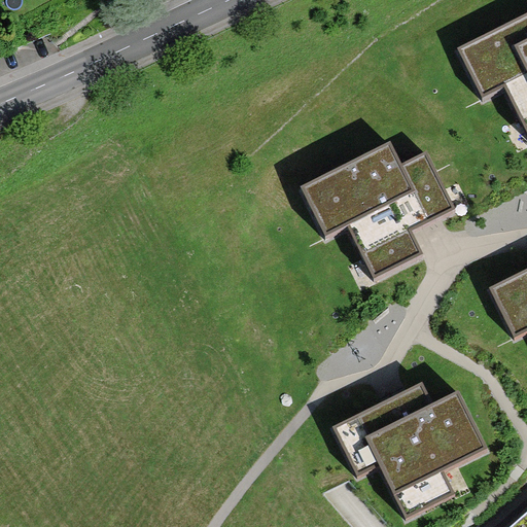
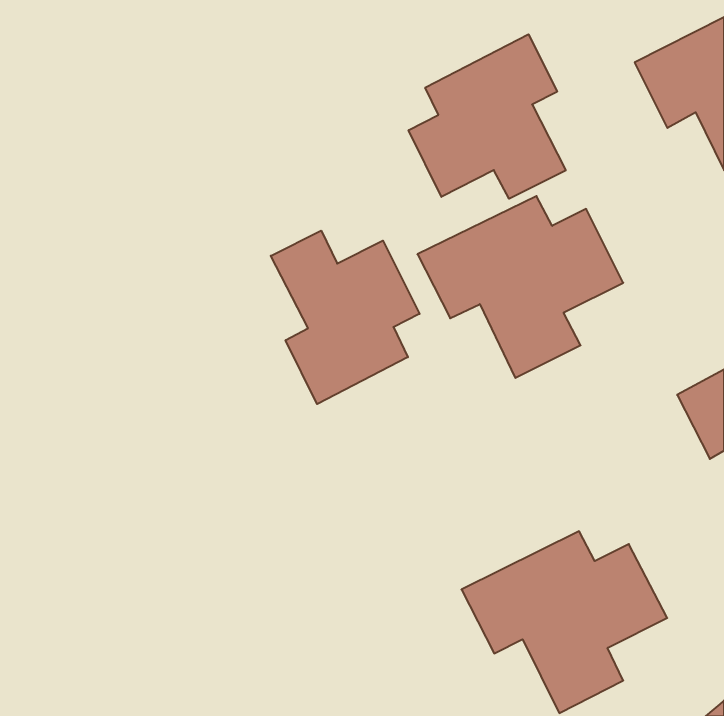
building: none -> [409,34,566,199]
building: none -> [271,231,420,404]

